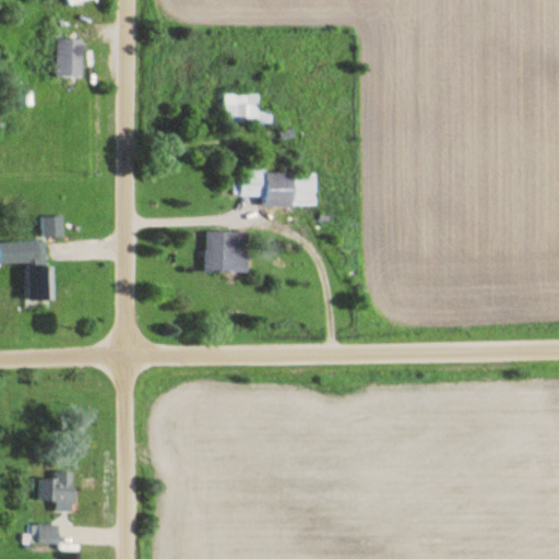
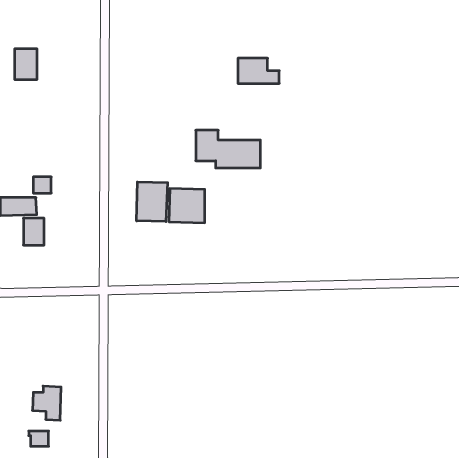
building: [56,38,83,75] -> [15,49,37,79]
building: [224,94,274,124] -> [238,58,279,83]
building: none -> [137,182,168,222]

